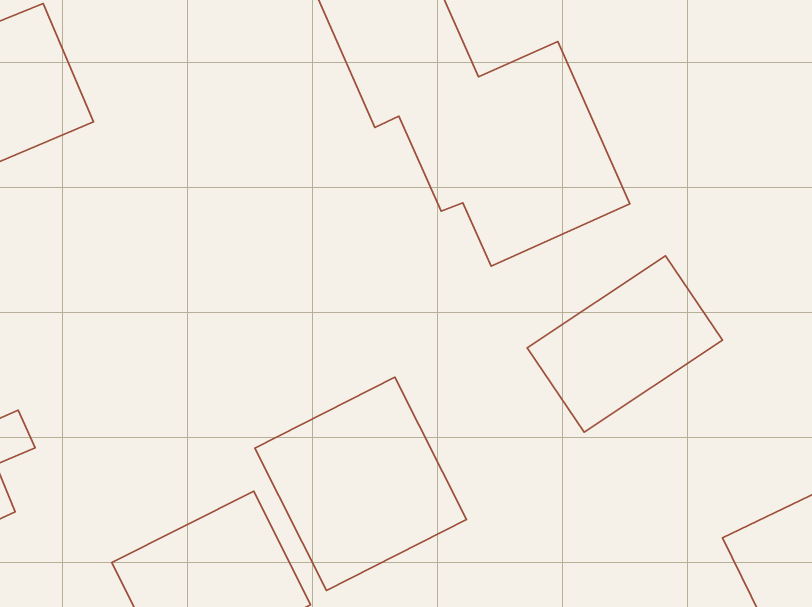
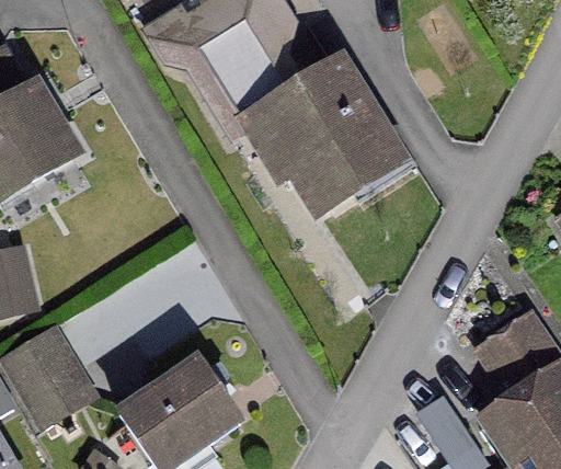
building: [527,256,723,432] -> none
building: [255,377,467,591] -> none

